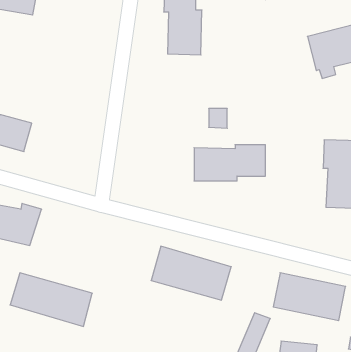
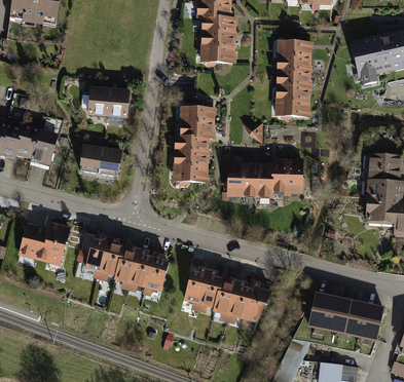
building: none -> [274,41,311,118]
building: none -> [89,86,130,111]
building: none -> [173,106,214,180]
building: none -> [81,145,123,170]
building: [10,273,92,326] -> [84,234,171,291]

